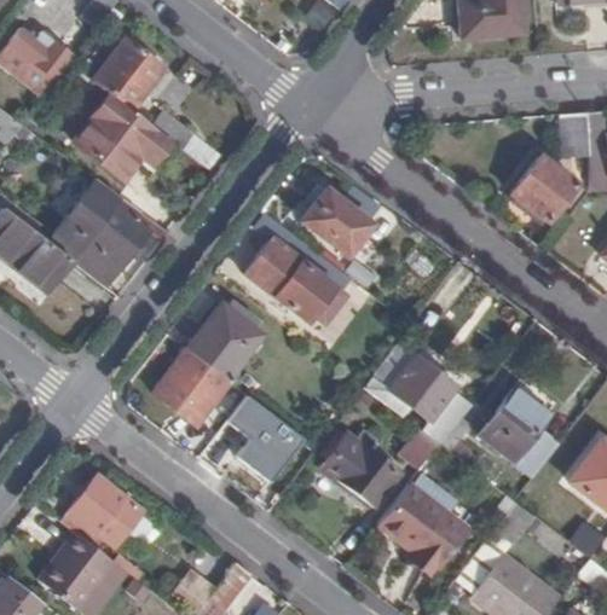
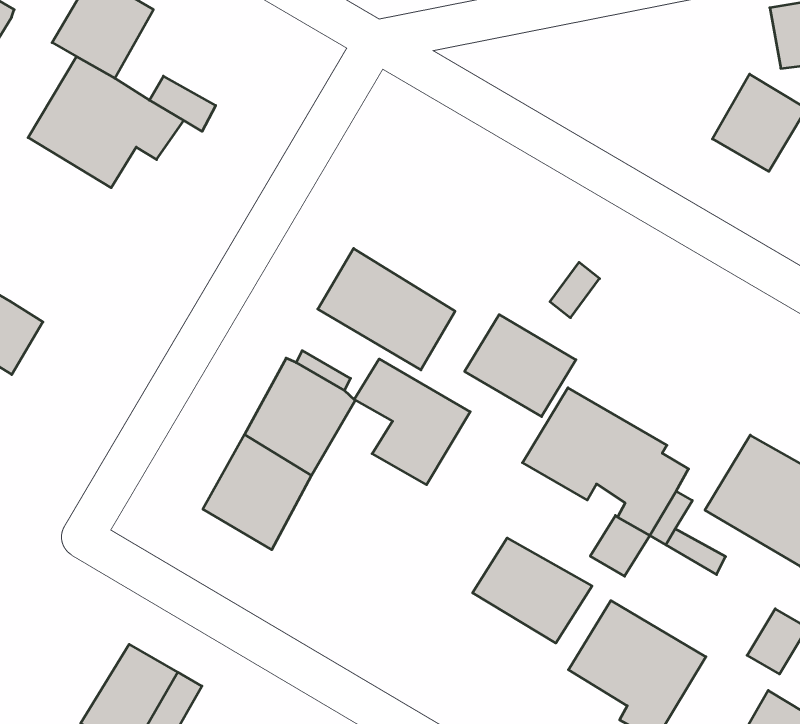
building: [48,182,154,288] -> none
building: [300,187,372,256] -> [465,315,576,417]
building: [229,398,302,482] -> [354,359,470,485]

